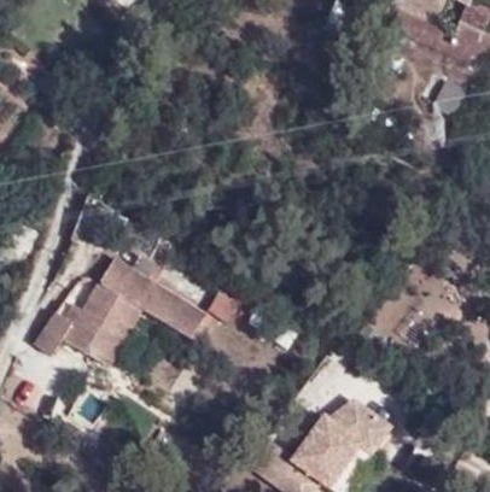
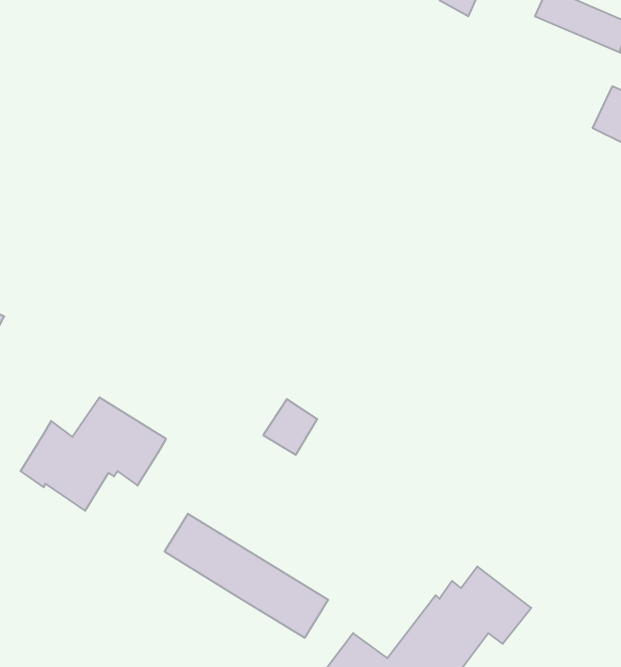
building: [98,256,208,339] -> [165,514,328,638]

